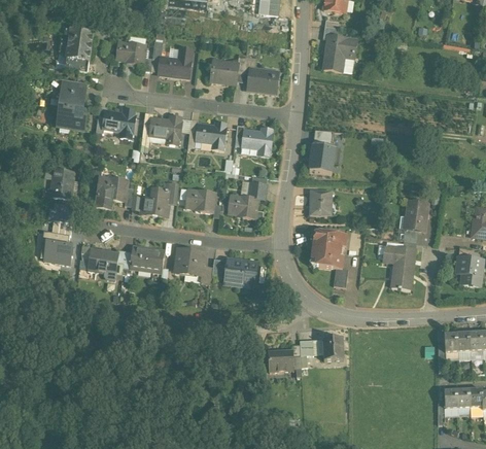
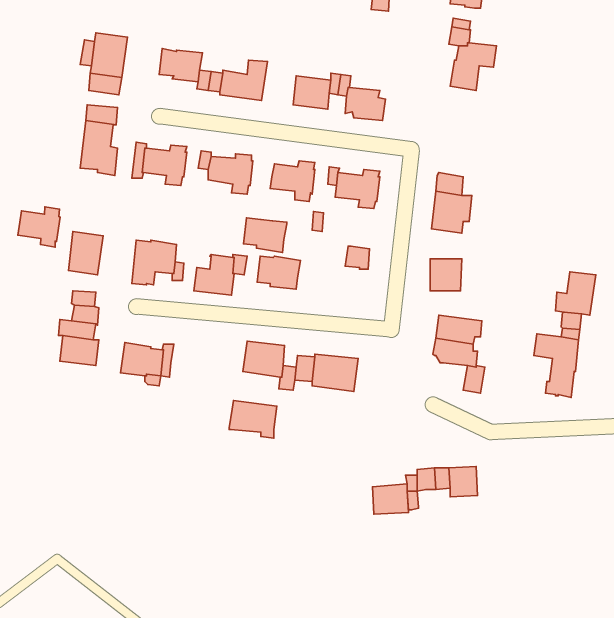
building: none -> [18,207,60,247]
building: [228,194,258,218] -> [244,218,287,253]
building: [130,246,164,273] -> [229,401,277,438]

